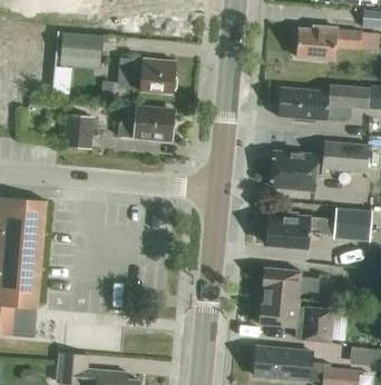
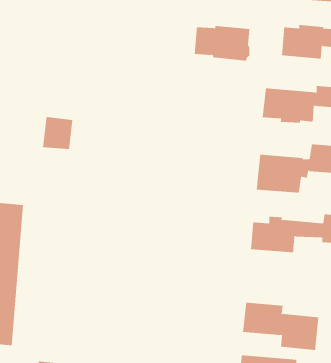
building: [56,32,102,69] -> none
building: [121,58,176,92] -> [194,26,250,61]
building: [117,103,174,138] -> none
building: [261,267,318,298] -> none

